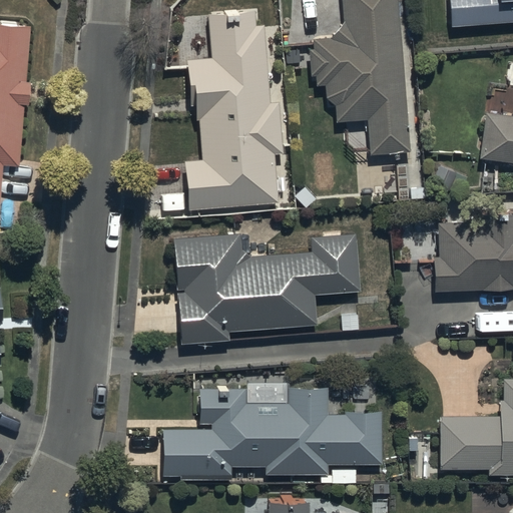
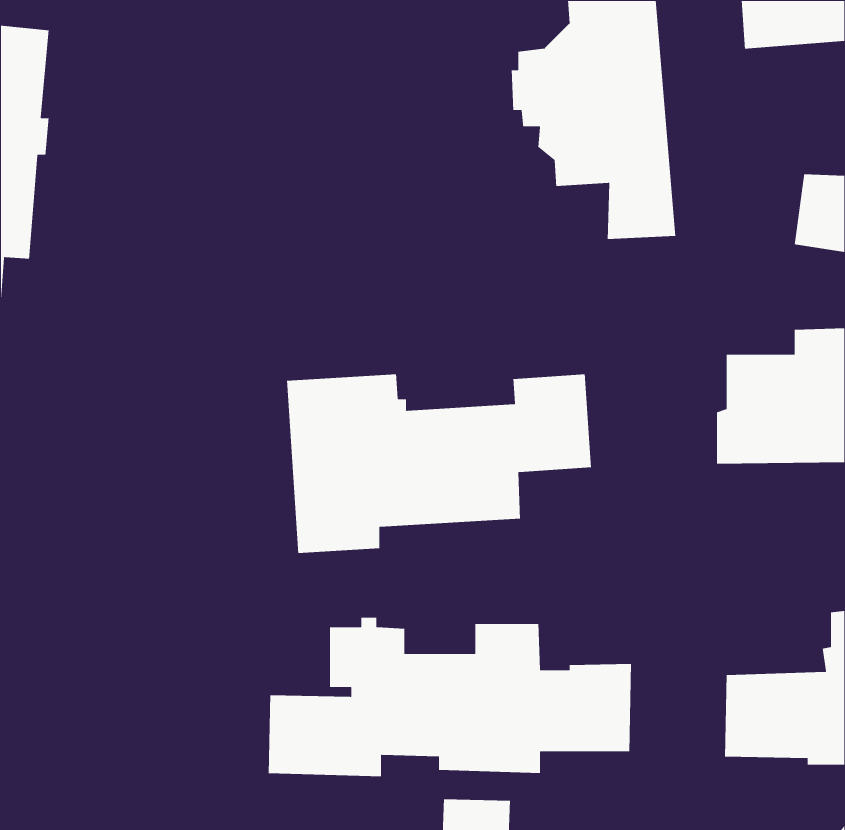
building: [184,13,284,210] -> none

